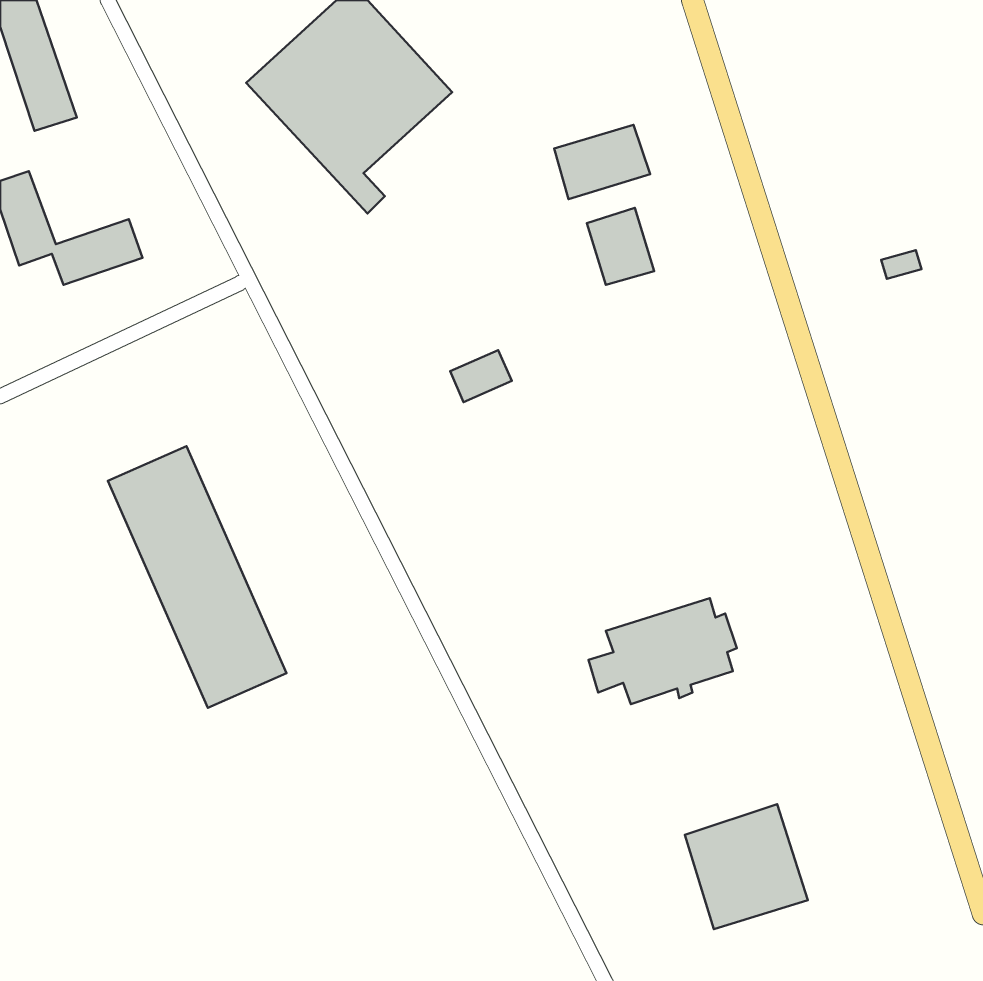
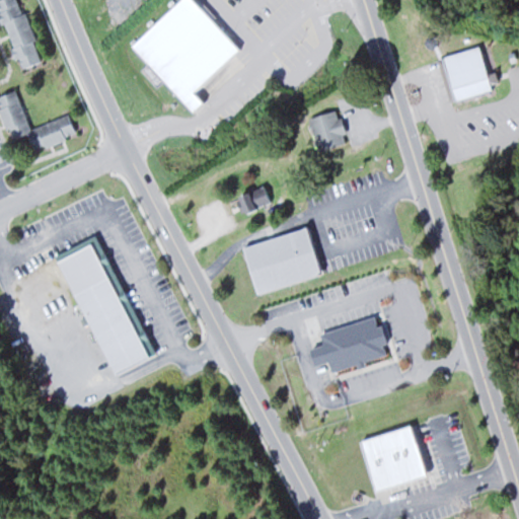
building: none -> [443,47,491,100]
building: [554,125,650,199] -> none
building: none -> [242,226,320,294]

